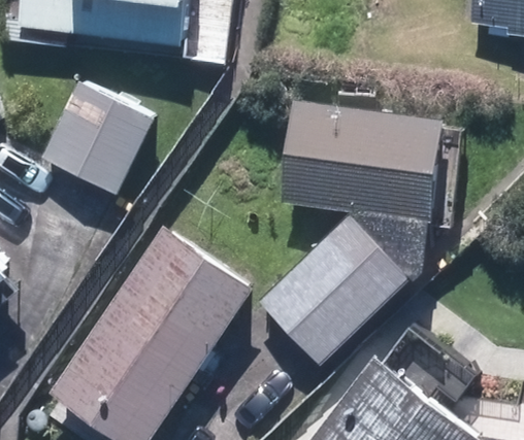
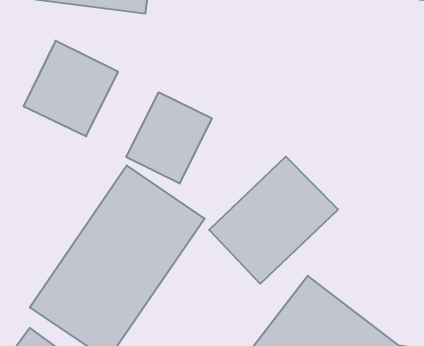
building: [280,103,444,224] -> none
building: none -> [126,92,212,184]

